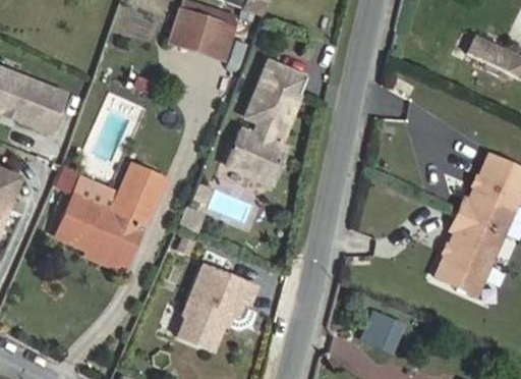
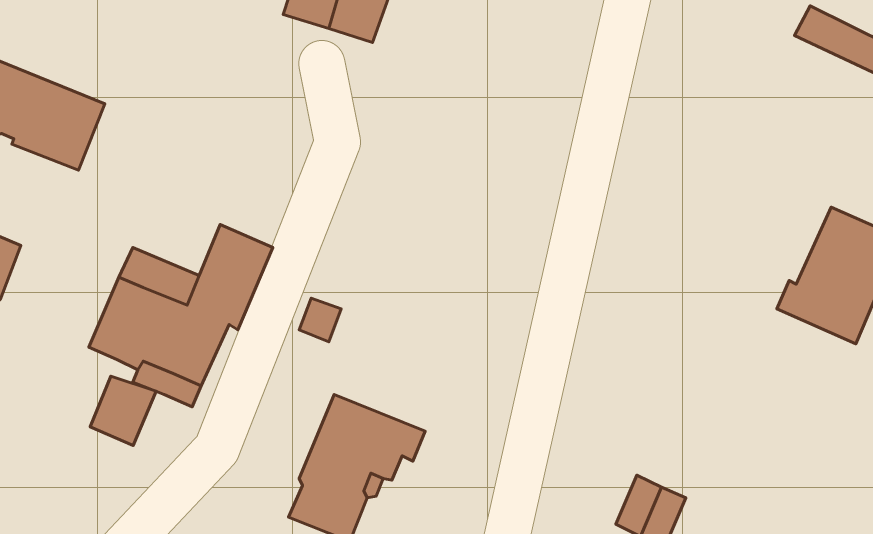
building: [225,62,305,182] -> none
building: [436,214,504,296] -> none
building: none -> [90,376,156,446]

